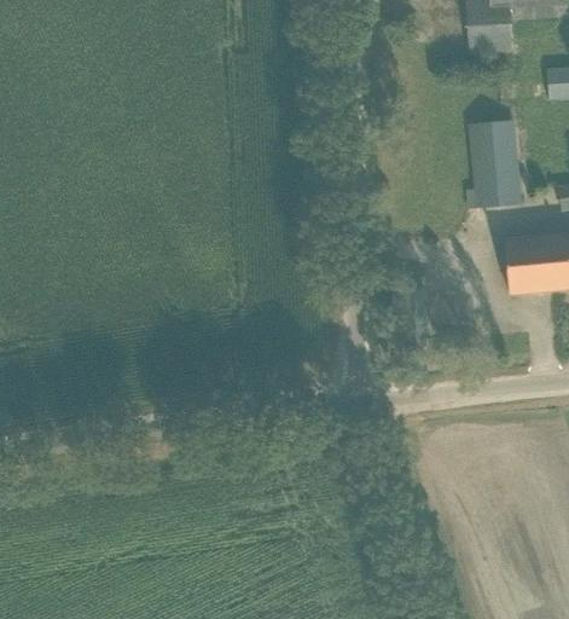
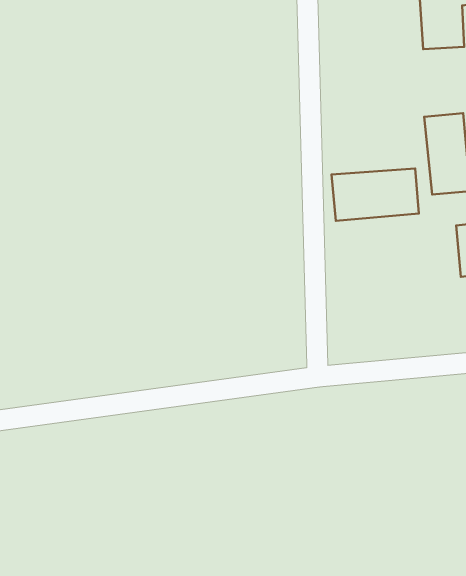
building: none -> [332,168,419,221]

